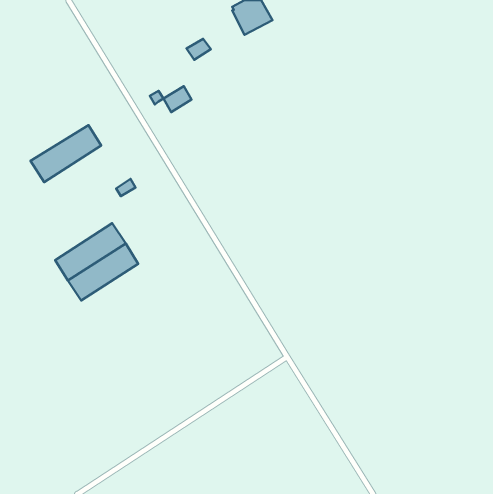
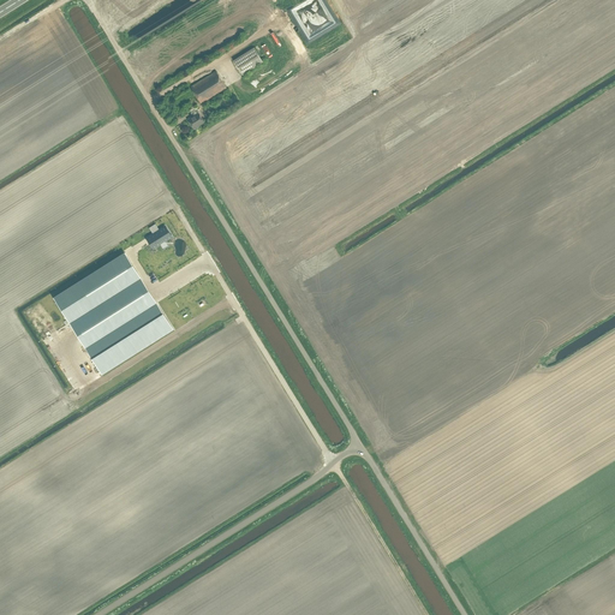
building: [163,86,191,112] -> [190,71,225,103]
building: [31,125,101,182] -> [52,252,139,323]

